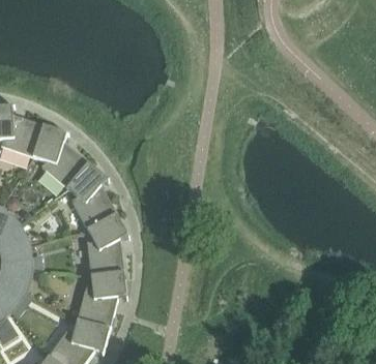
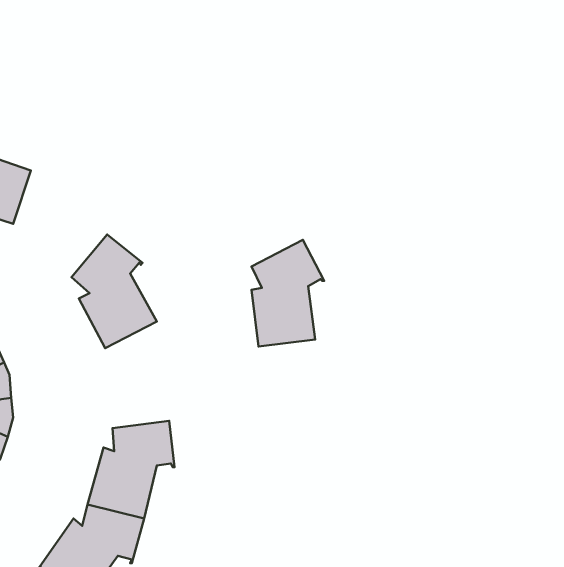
building: [32,125,87,187] -> none
building: [86,213,128,275] -> [251,240,324,347]

